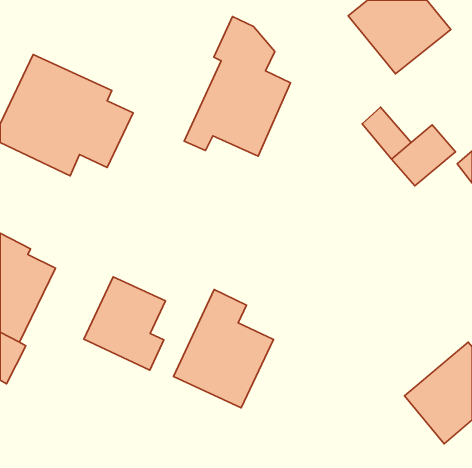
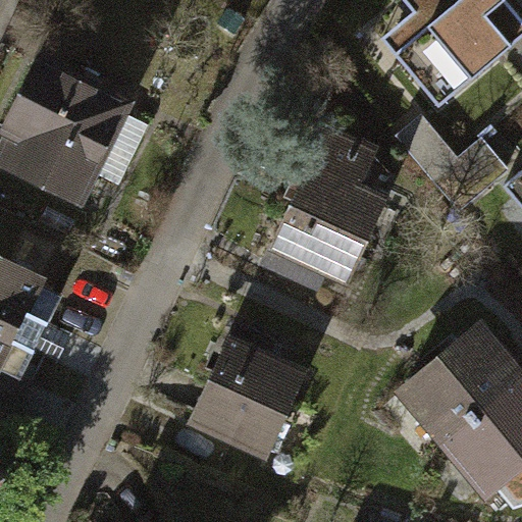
building: [184,16,291,156] -> [266,127,383,281]
building: [84,277,165,370] -> none
building: none -> [402,330,517,441]

